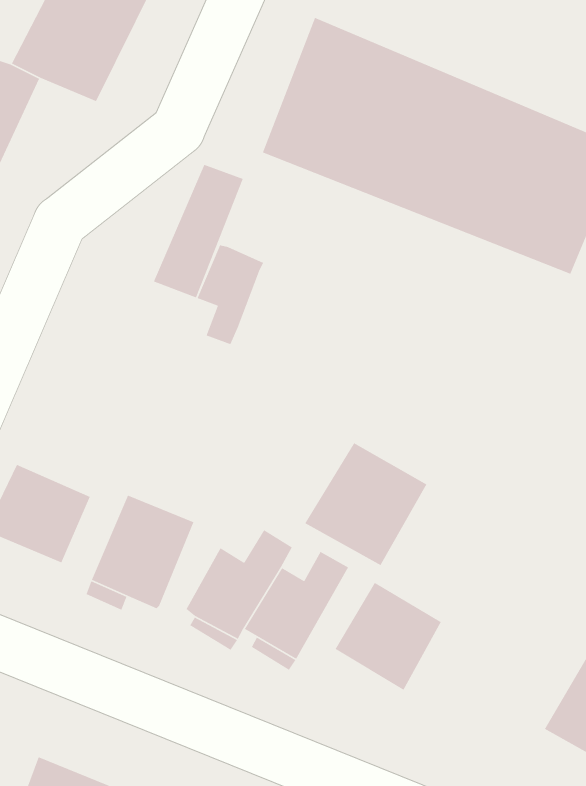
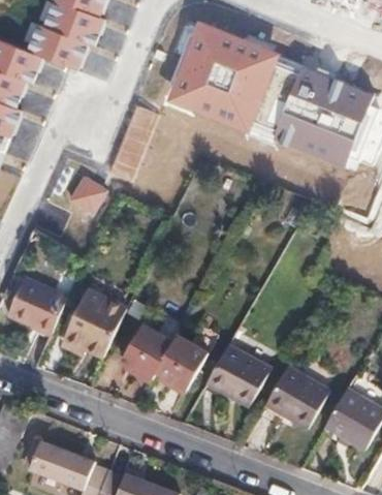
building: [196,244,264,345] -> none
building: none -> [64,175,104,215]
building: [304,442,428,566] -> none
building: none -> [267,365,331,427]

